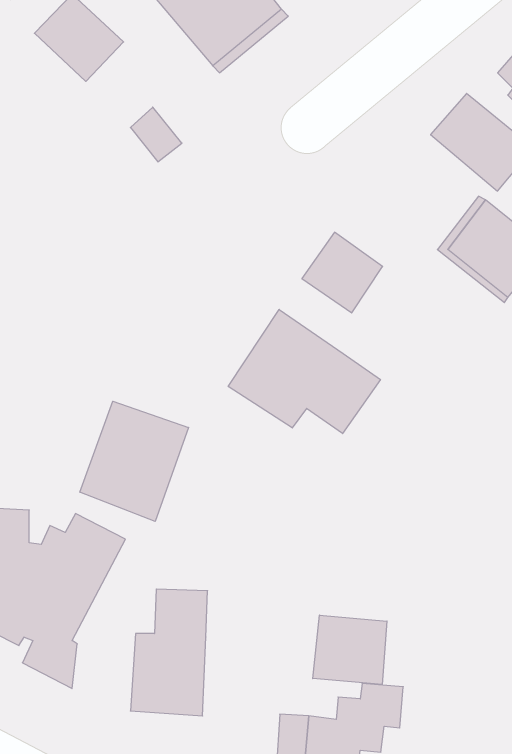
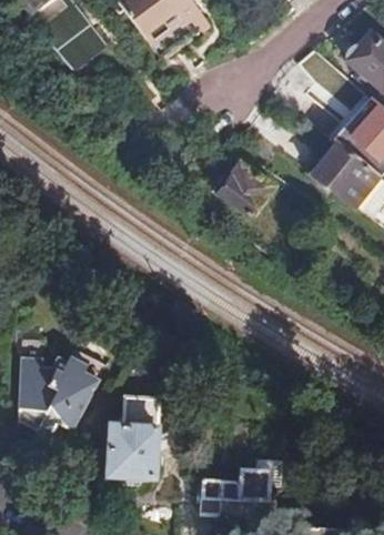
building: [228,309,380,434] -> none
building: [80,401,189,521] -> none
building: [313,615,387,684] -> none

